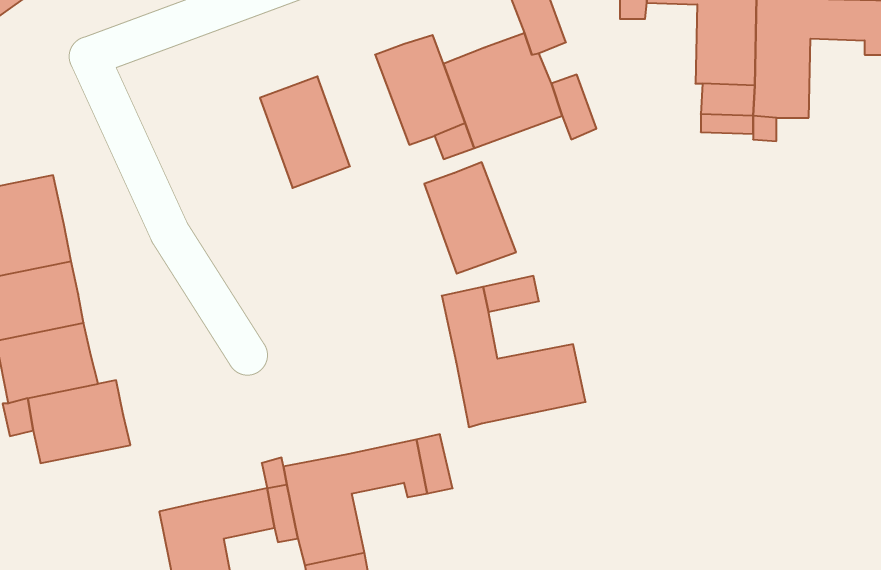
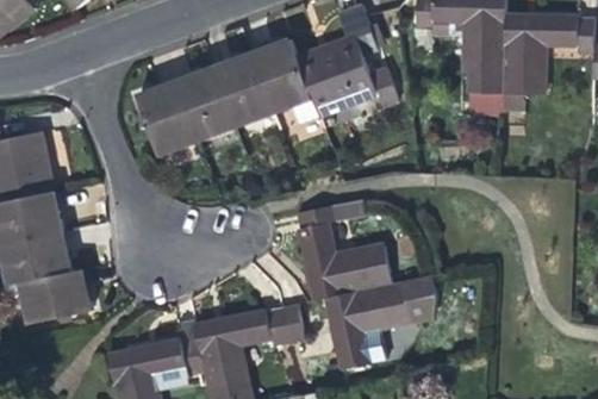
building: none -> [138,81,199,154]
building: [424,162,516,274] -> [216,52,276,126]
building: none -> [324,274,435,369]

